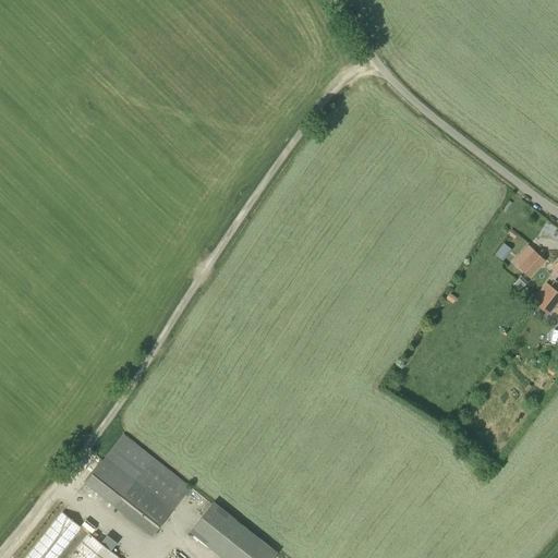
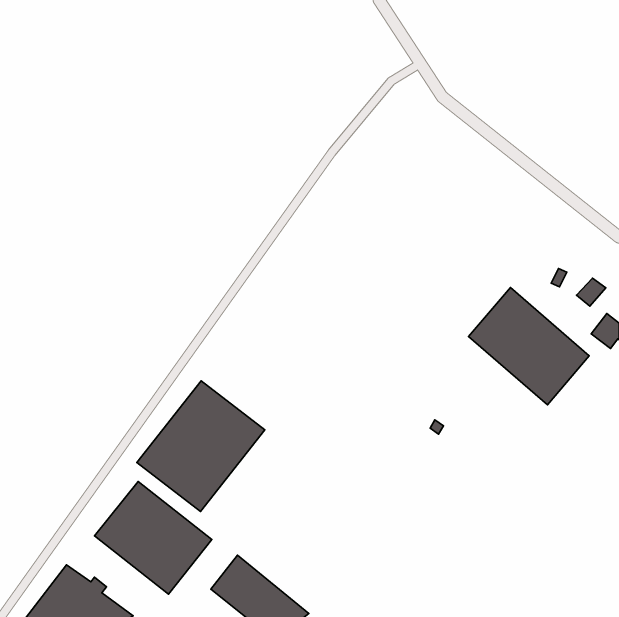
building: none -> [469,288,589,405]
building: none -> [137,381,265,512]

